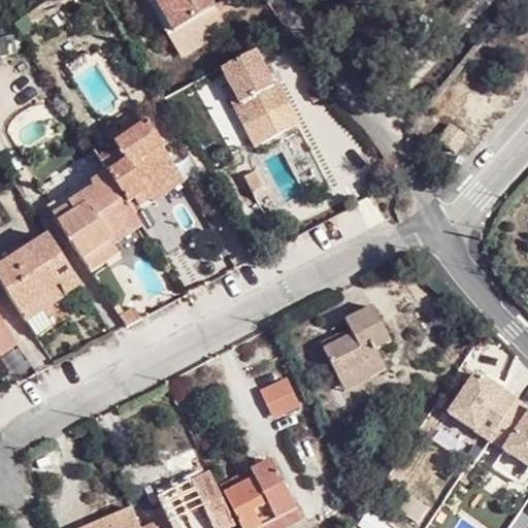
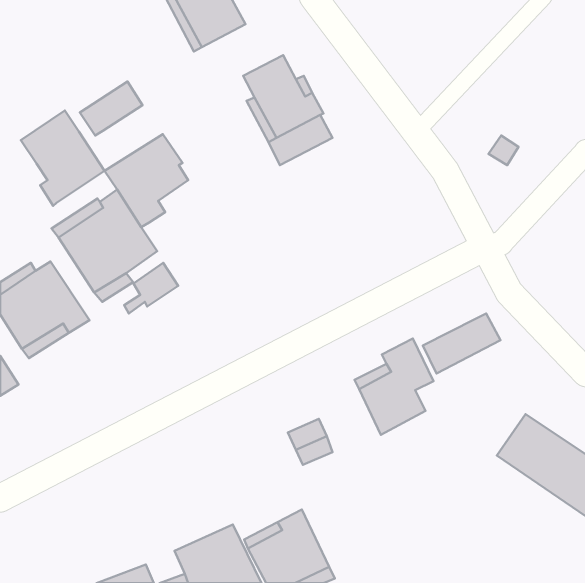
building: none -> [80,81,143,135]
building: none -> [21,111,104,206]
building: [135,162,184,207] -> [124,263,178,313]
building: none -> [423,314,501,373]

